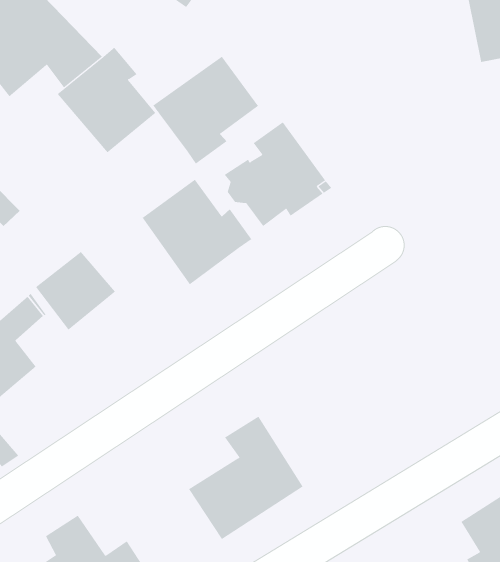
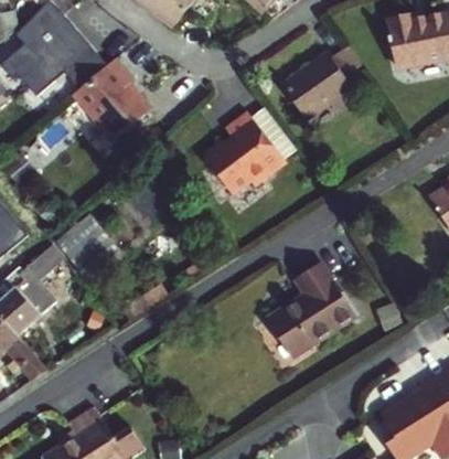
building: none -> [285,43,366,115]
building: [152,56,259,164] -> none
building: [142,179,252,285] -> none
building: [188,416,304,540] -> [266,263,354,357]

